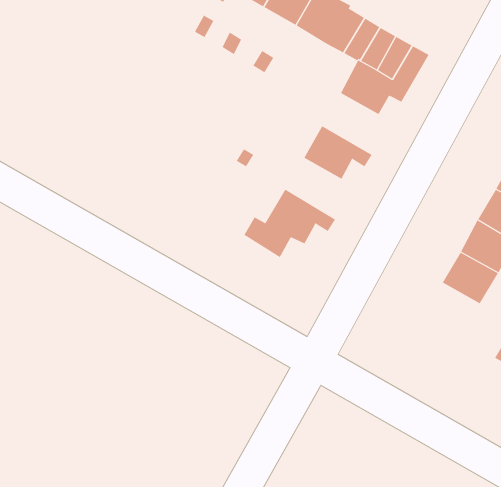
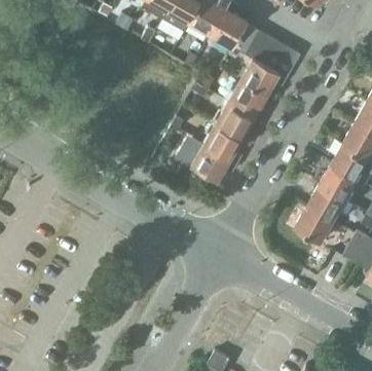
building: none -> [228,79,267,120]
building: none -> [203,122,243,163]
building: none -> [296,206,334,242]

